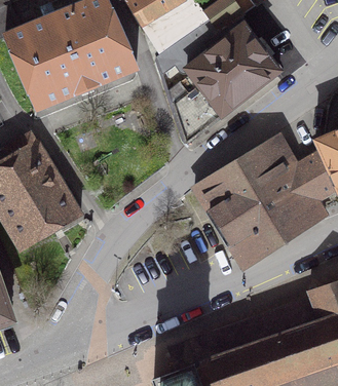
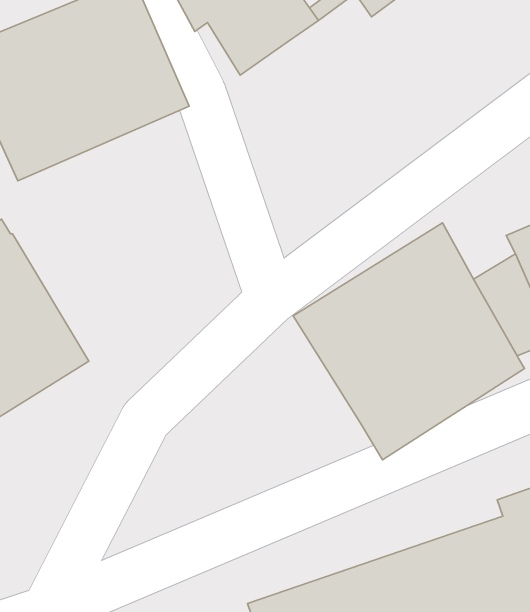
building: [157,25,279,143] -> none

